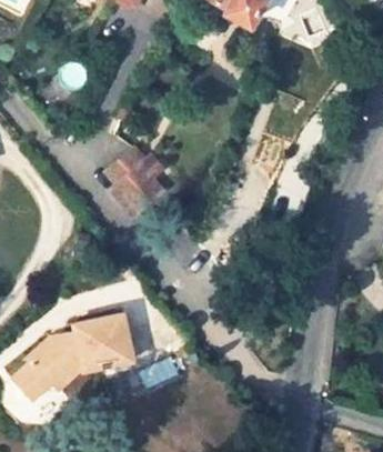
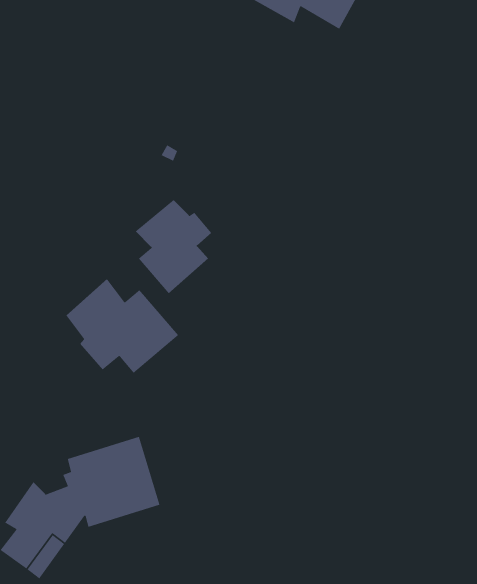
building: none -> [65,278,179,374]

